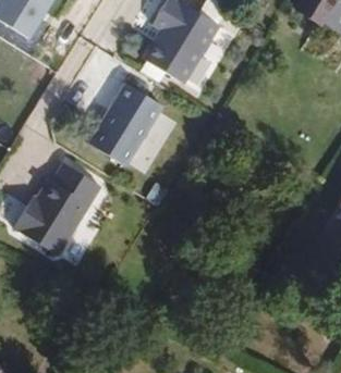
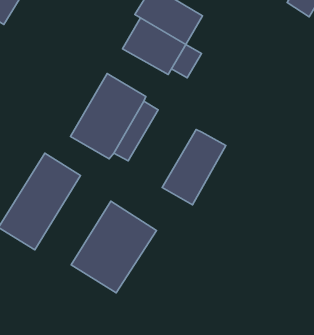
building: none -> [162,129,226,205]
building: none -> [71,201,157,293]

